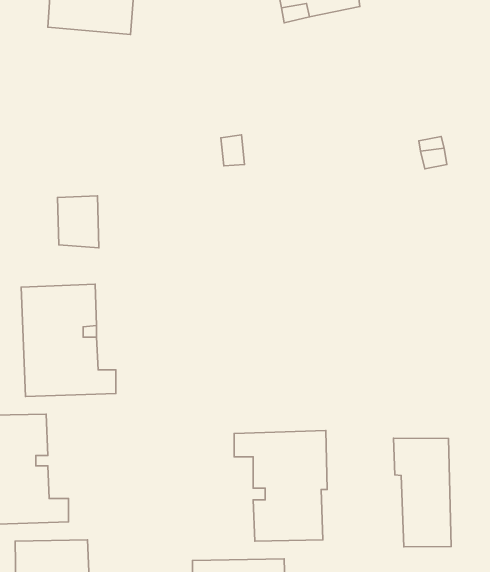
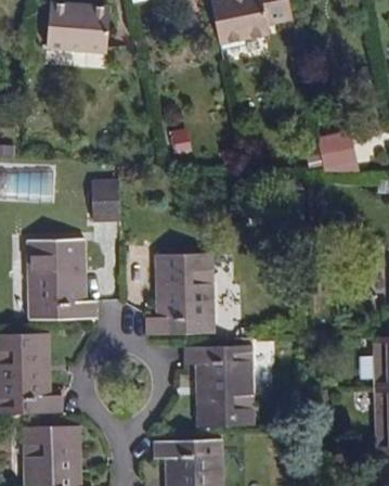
building: [58,196,99,248] -> [92,180,122,218]
building: none -> [146,254,213,334]
building: [394,438,451,547] -> none

